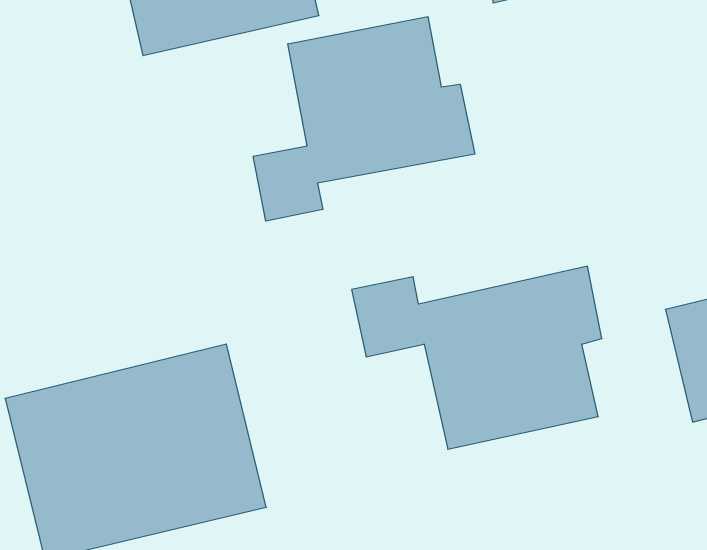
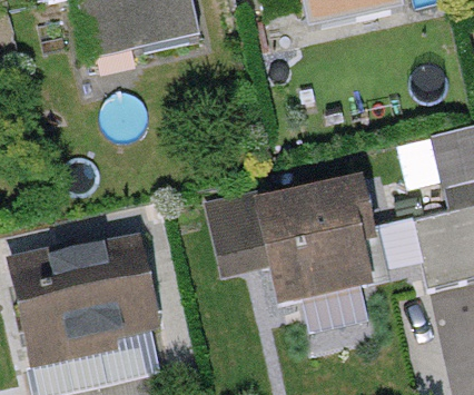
building: [253,17,475,221] -> none

